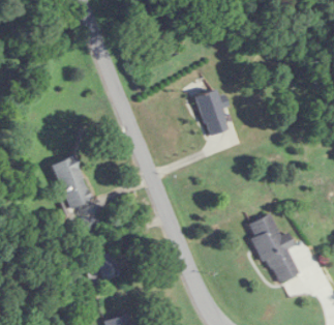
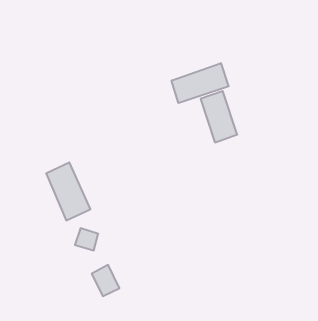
building: none -> [172,63,229,103]
building: [248,214,300,285] -> none

